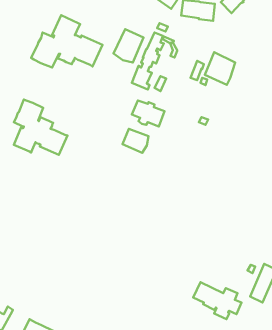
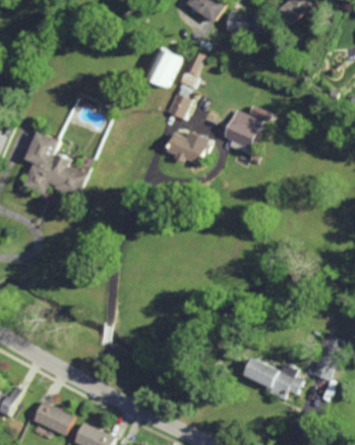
building: [31,15,102,67] -> none
building: [205,52,235,85] -> [225,109,261,149]
building: [122,129,149,153] -> none

